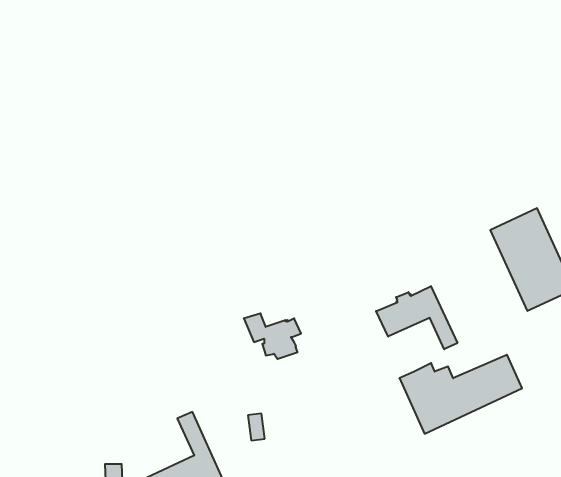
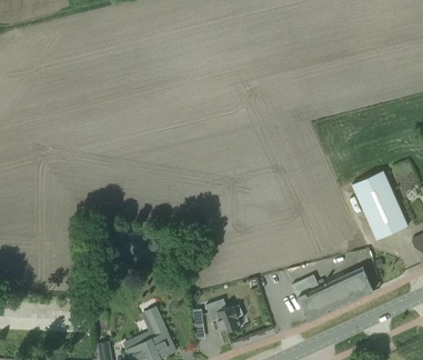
building: [376,286,457,349] -> none
building: [244,313,301,359] -> [205,302,243,332]

